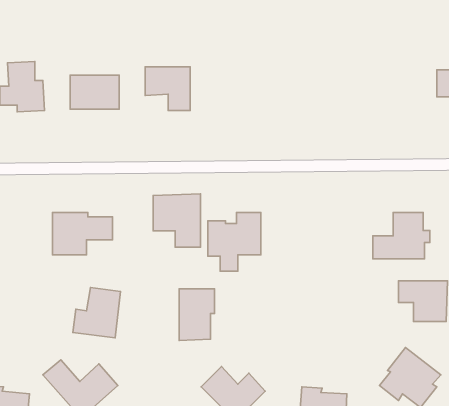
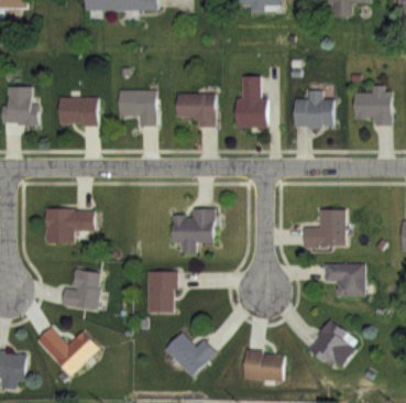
building: none -> [237,76,266,128]
building: none -> [295,90,332,128]
building: none -> [178,95,216,128]
building: [153,194,201,247] -> none

